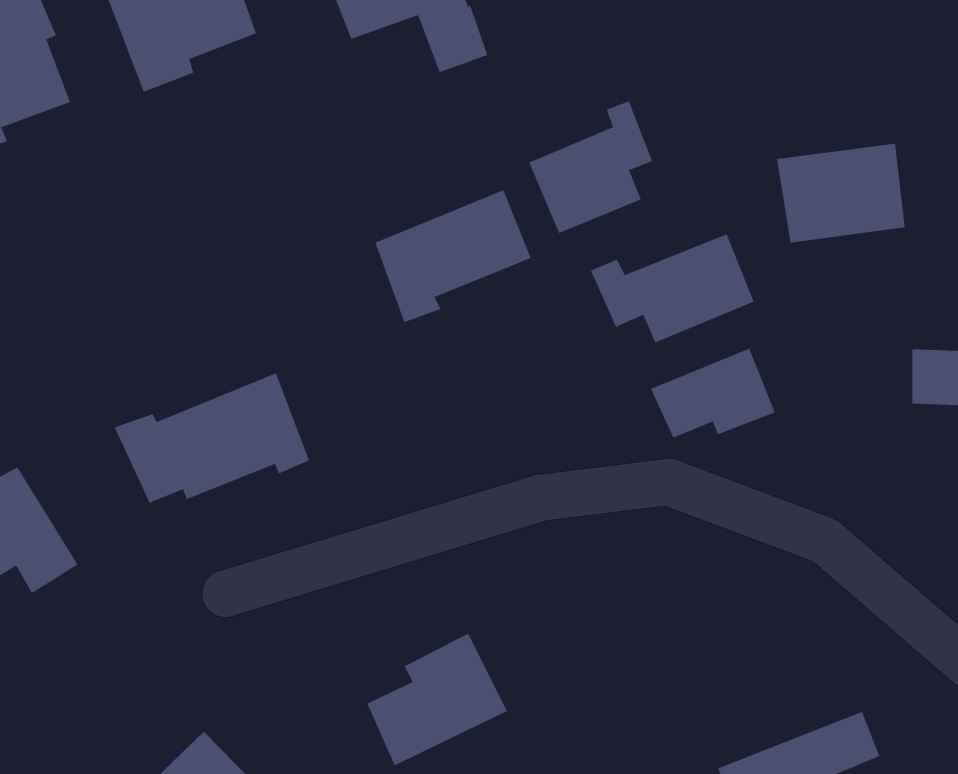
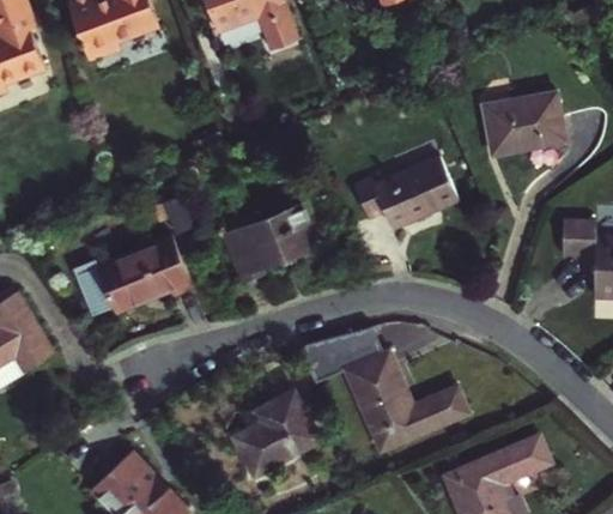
building: [529,100,653,234] -> none
building: [375,190,531,323] -> [223,204,318,285]
building: [650,348,775,438] -> none
building: none -> [308,323,467,449]

